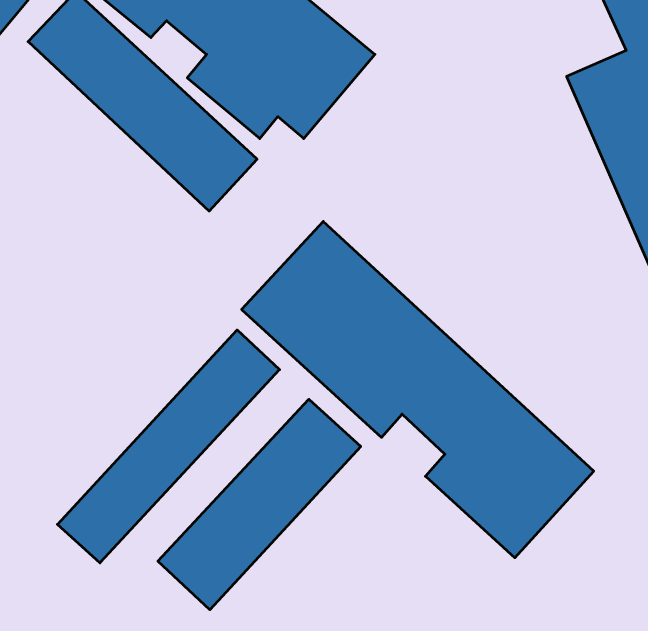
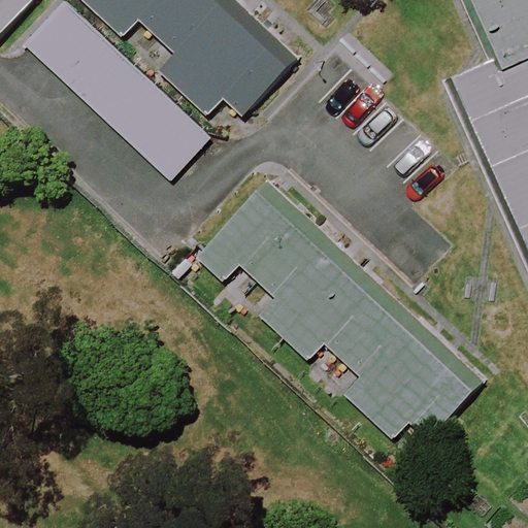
building: [57,330,280,563] -> none
building: [158,399,361,610] -> none

